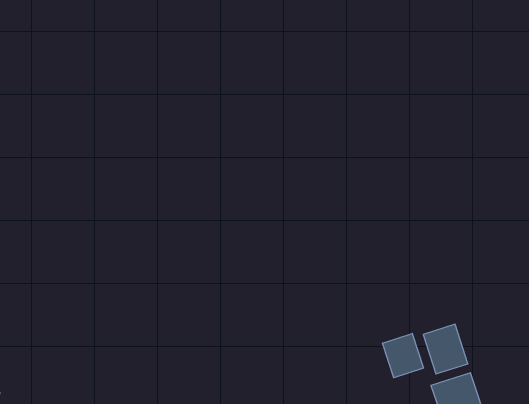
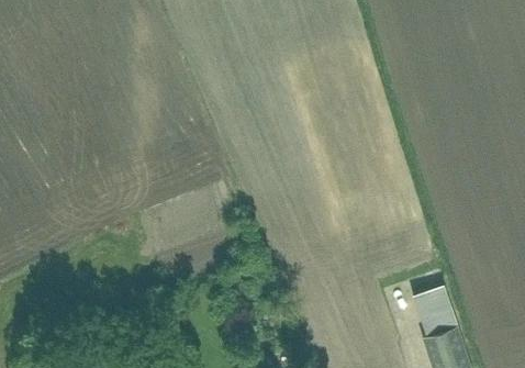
building: [383,333,423,378] -> none

